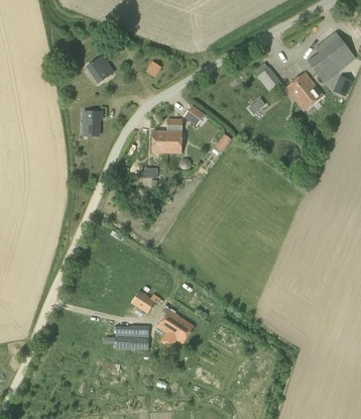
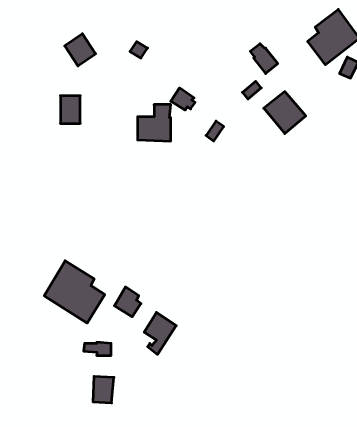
building: [284,73,323,111] -> [264,92,306,134]
building: none -> [44,261,105,323]
building: [129,325,148,349] -> [93,376,114,403]

